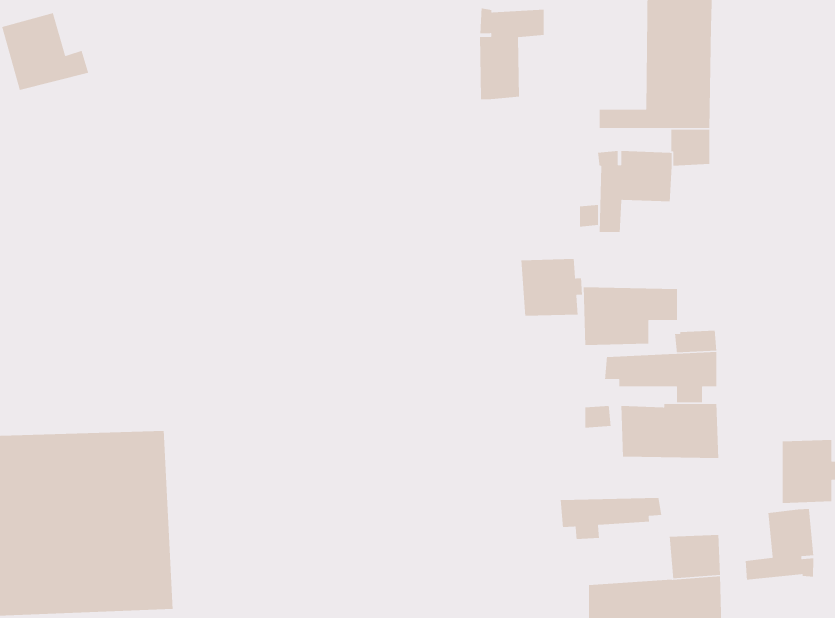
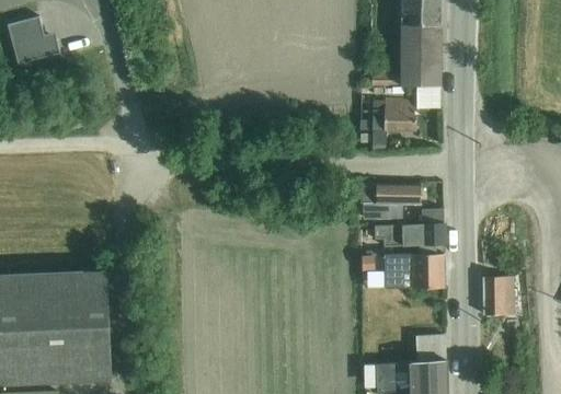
building: [479,8,545,100] -> none
building: [520,258,583,317] -> none
building: [560,497,662,540] -> none
building: [745,508,814,580] -> none

